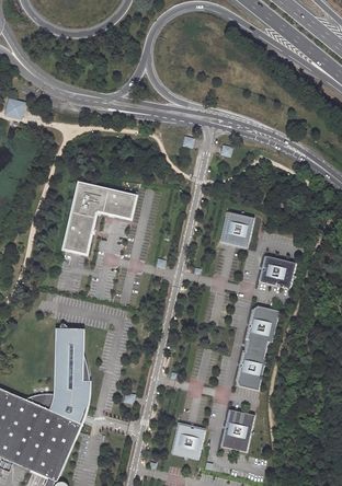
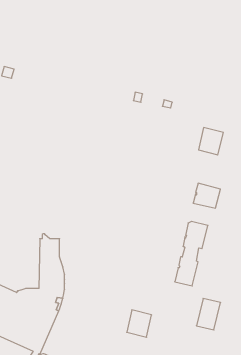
building: [64,184,135,254] -> none
building: [220,210,253,246] -> [199,128,223,155]
building: [221,408,253,450] -> [196,298,221,330]

